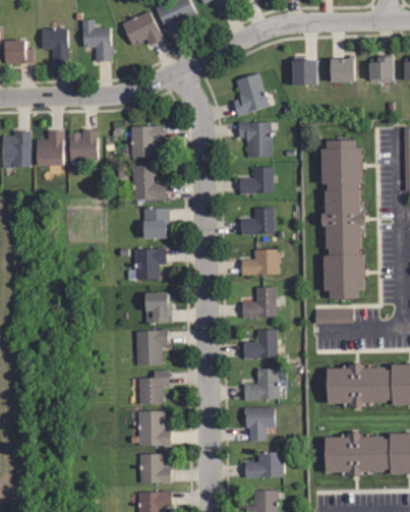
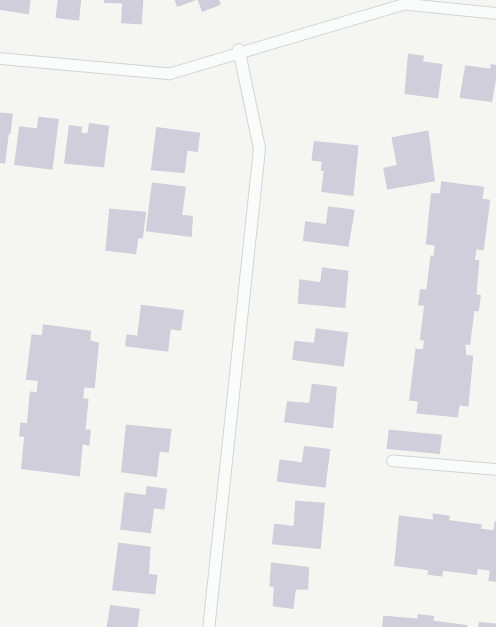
building: [231,71,269,116] -> [382,130,436,191]
building: [141,208,168,238] -> [104,208,147,255]
building: none -> [18,323,100,477]
building: [144,293,170,323] -> none

